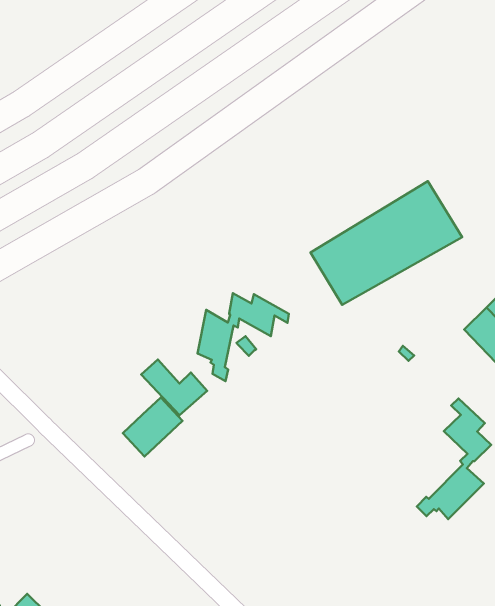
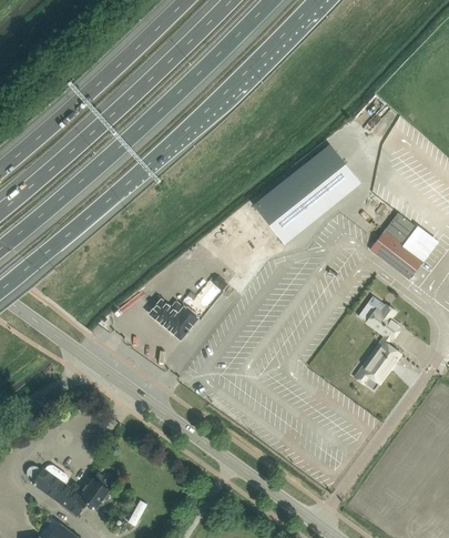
building: [198,293,289,381] -> none
building: [123,397,182,457] -> none

